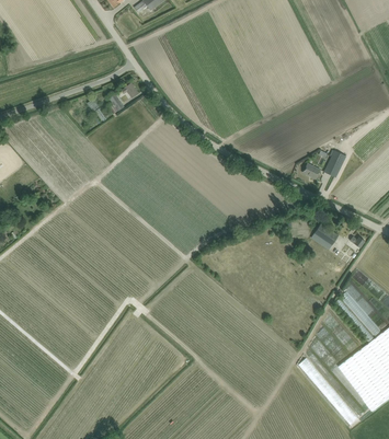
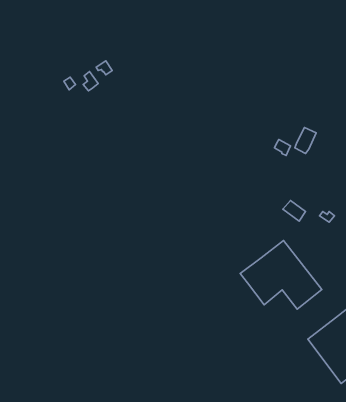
building: none -> [240,241,322,309]

